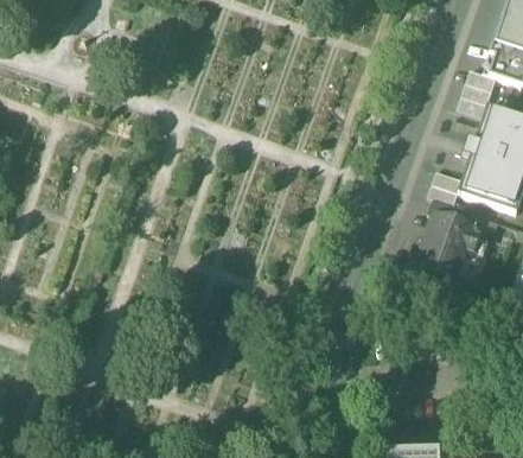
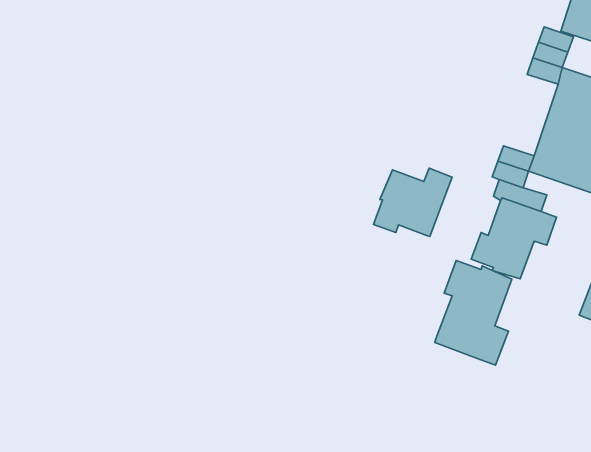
building: none -> [374,168,452,236]
building: none -> [435,261,512,365]

